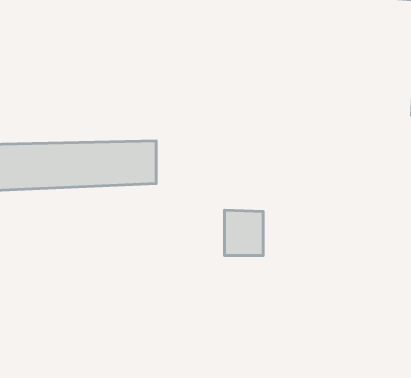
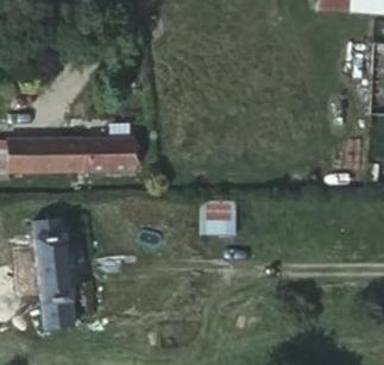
building: none -> [39,215,76,329]

